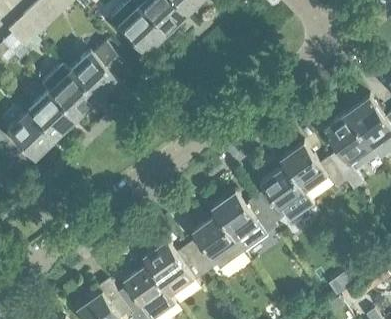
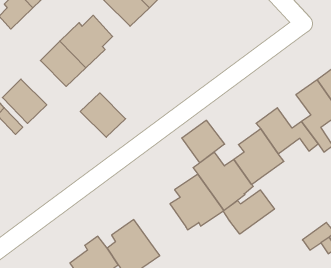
building: [26,92,75,140] -> [80,93,126,137]
building: none -> [182,120,225,163]
building: none -> [223,190,274,234]
building: [143,240,204,296] -> none

